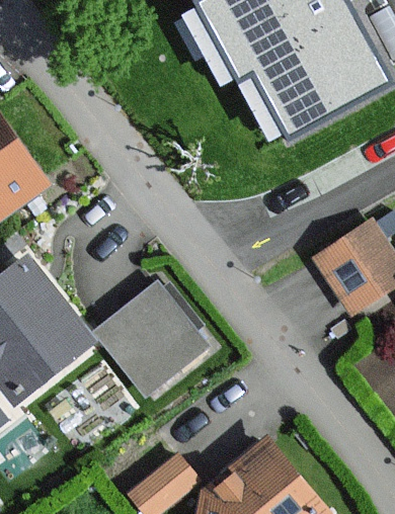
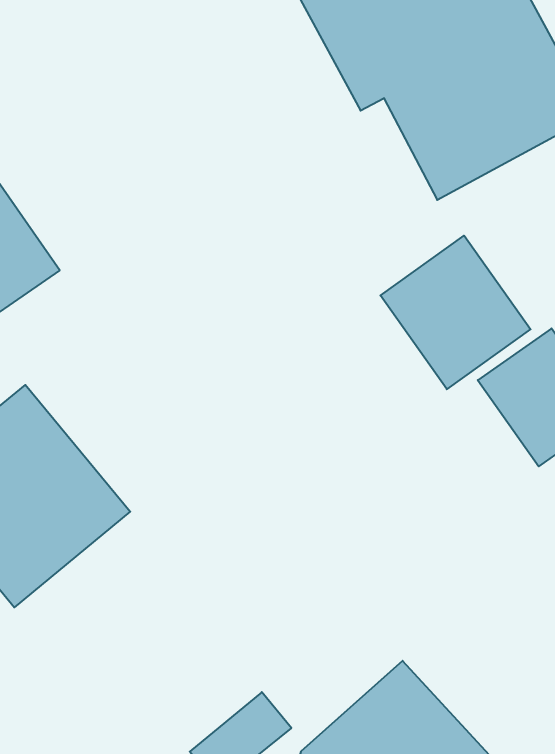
building: none -> [380,236,531,389]
building: [97,284,201,389] -> none

